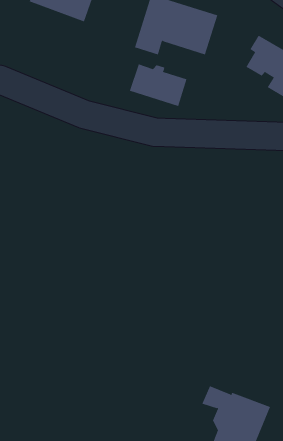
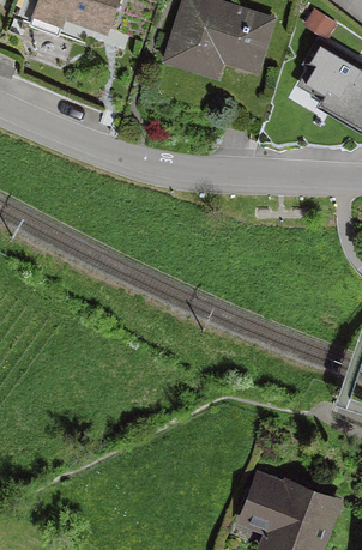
building: [129,64,187,107] -> none

